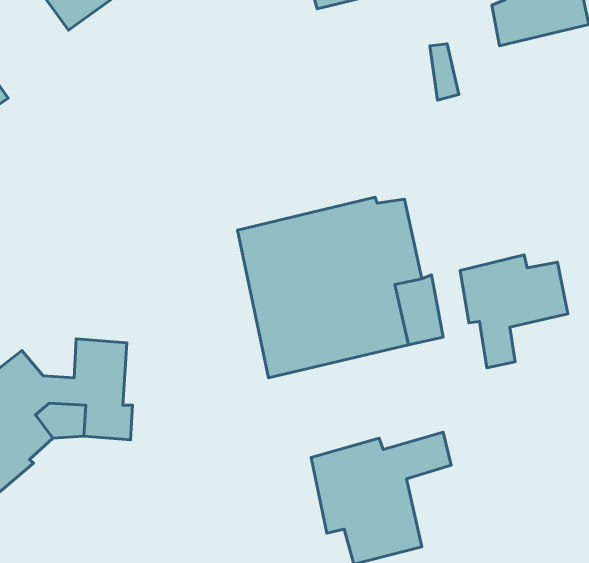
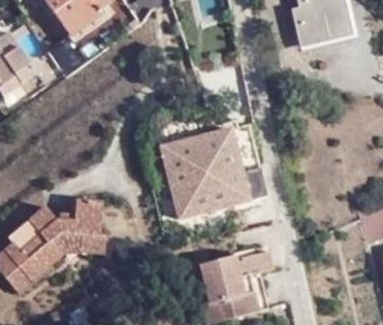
building: [460,255,568,368] -> none

